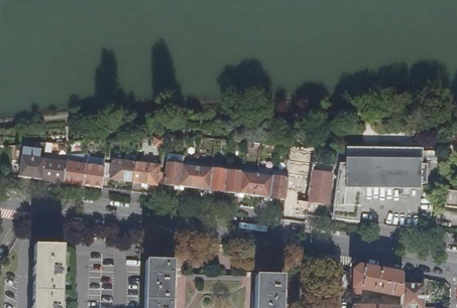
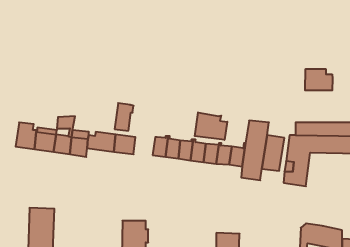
building: none -> [305,69,333,90]
building: none -> [195,112,227,140]
building: [164,153,187,185] -> [115,103,134,131]

